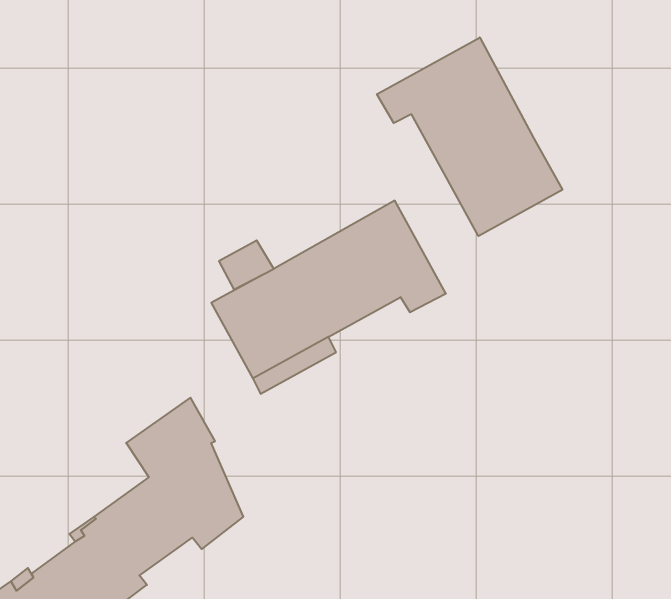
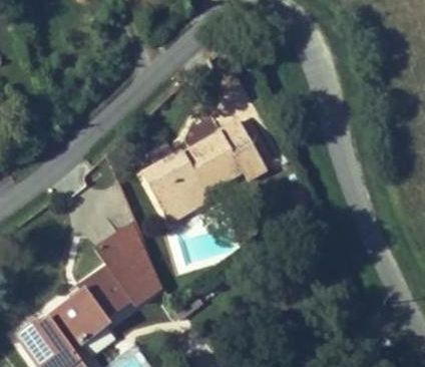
building: [377,37,562,236] -> none

